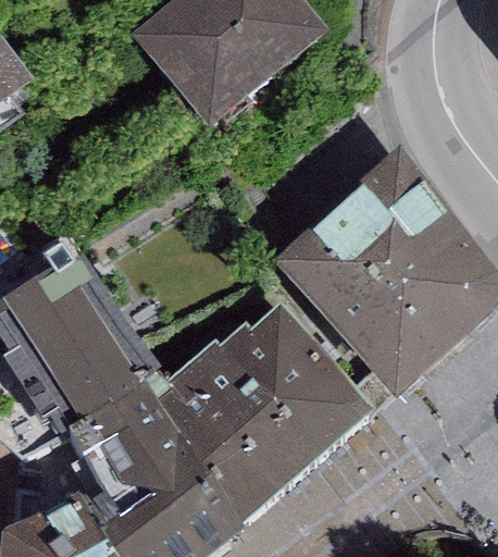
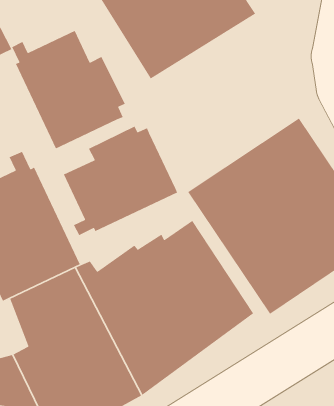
building: none -> [11,30,126,149]
building: none -> [63,125,178,236]

